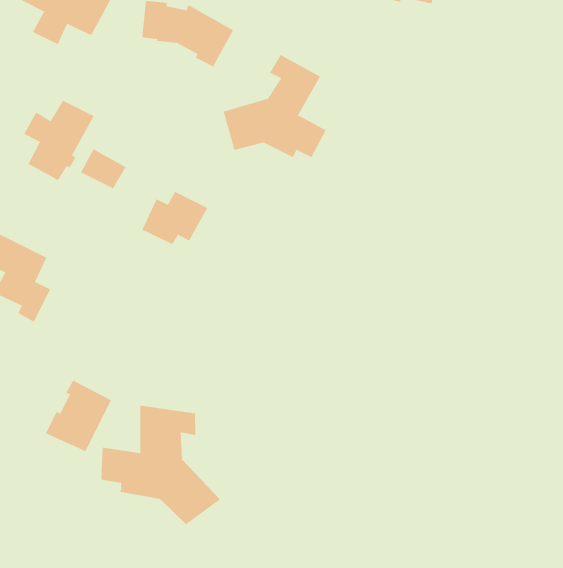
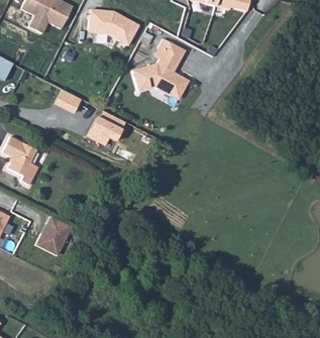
building: [23,100,94,181] -> none
building: [101,405,221,525] -> none

